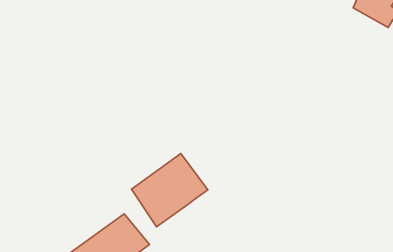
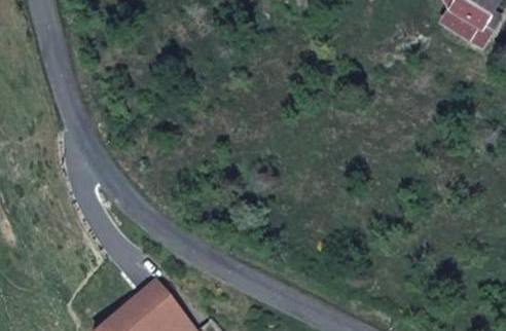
building: [132,153,208,227] -> none

